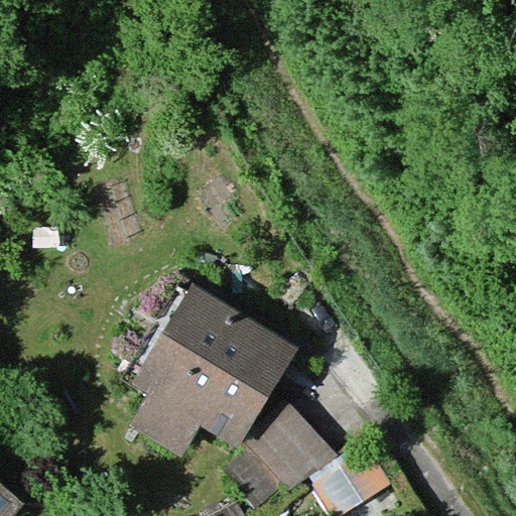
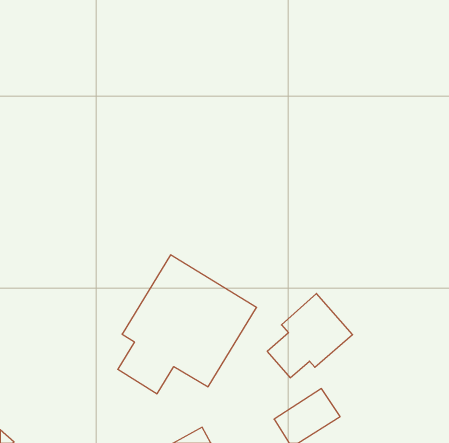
building: [231,402,329,499] -> [267,293,353,378]

